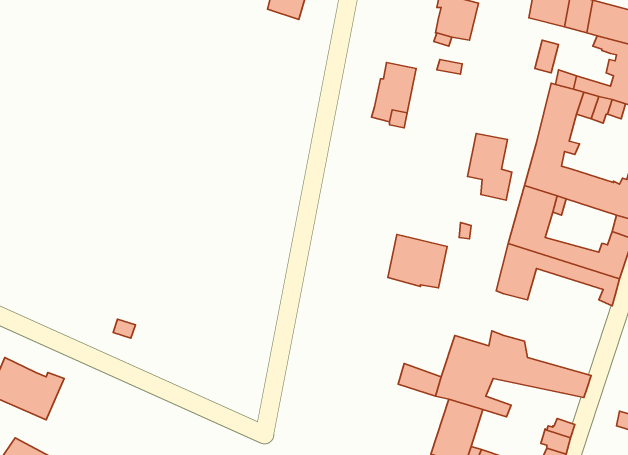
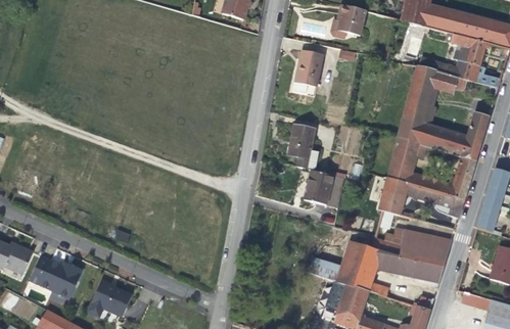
building: [467,134,512,200] -> [287,125,318,171]
building: none -> [383,227,452,267]
building: none -> [87,278,130,317]

